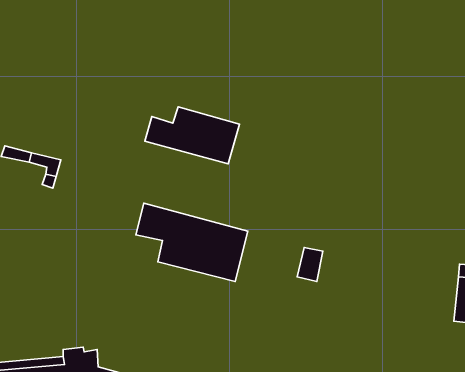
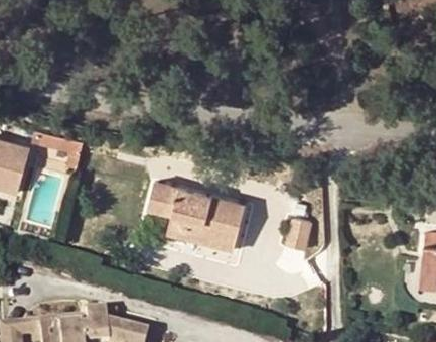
building: [145,107,239,164] -> none

